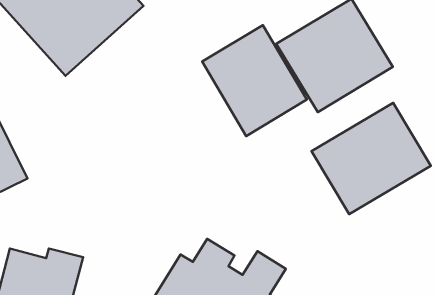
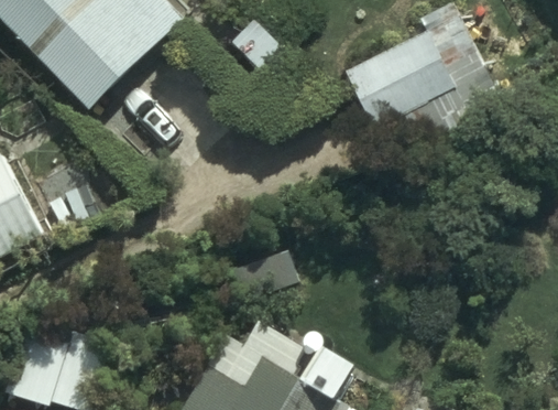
building: [202,25,307,136] -> none
building: [312,103,431,214] -> none

